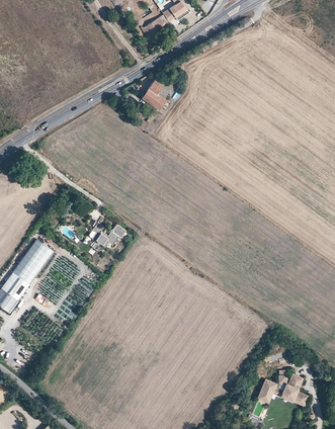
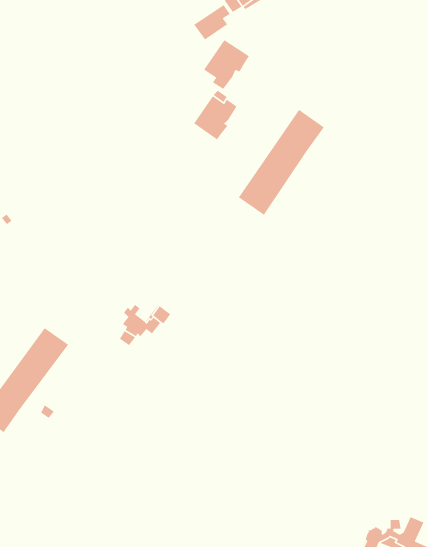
building: none -> [204,39,251,90]
building: none -> [238,109,325,216]

